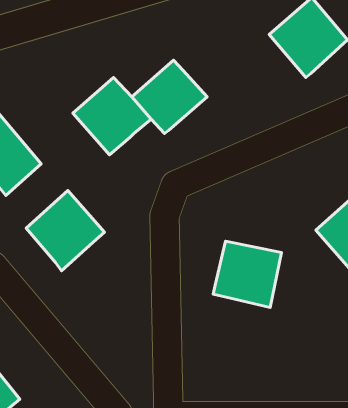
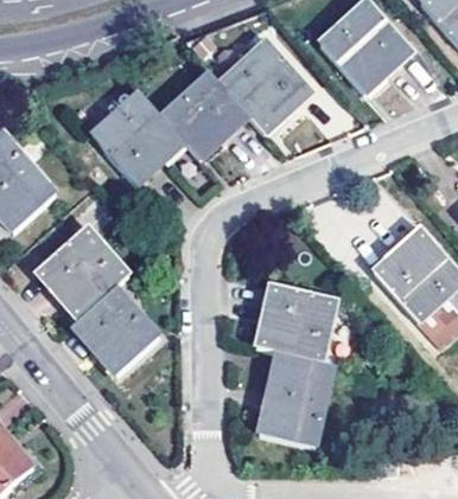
building: none -> [220,43,311,134]
building: none -> [72,286,158,373]
building: none -> [256,351,330,446]

